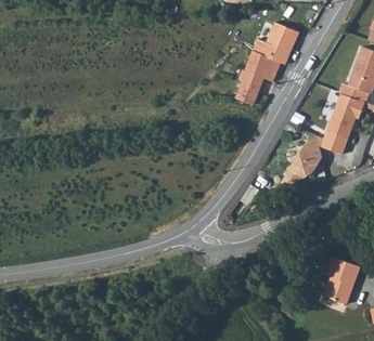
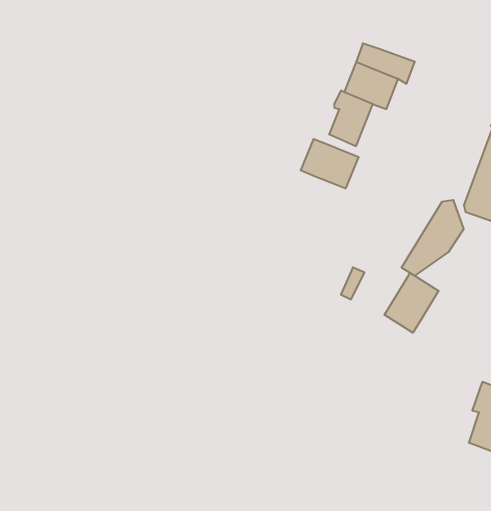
building: [267,22,298,51] -> none
building: none -> [301,139,359,188]
building: none -> [384,273,439,333]

